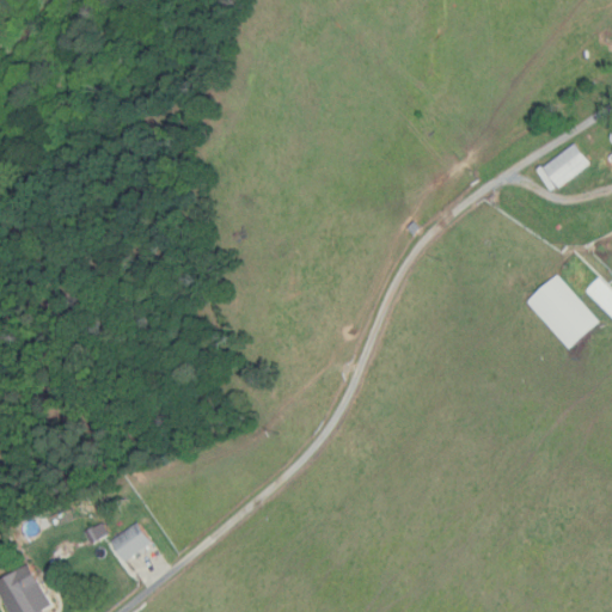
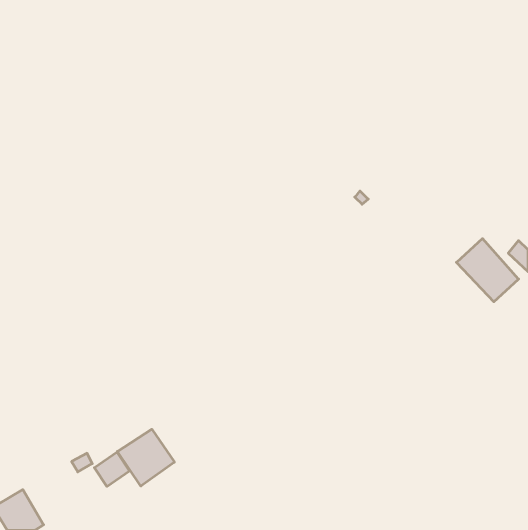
building: [543,143,588,186] -> none
building: none -> [117,429,174,486]

